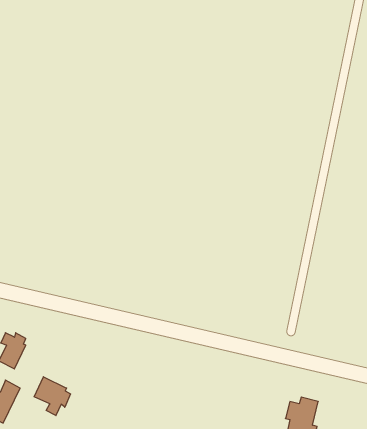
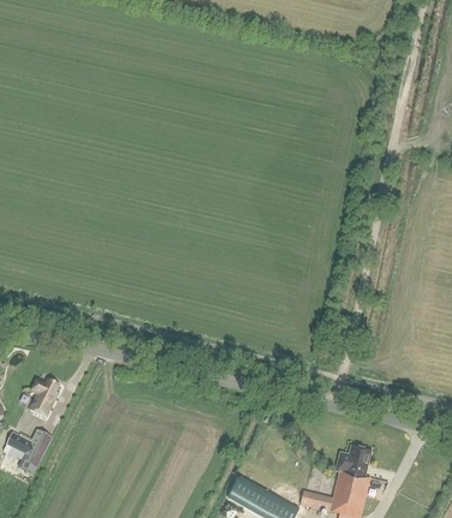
building: [34,377,70,416] -> none

